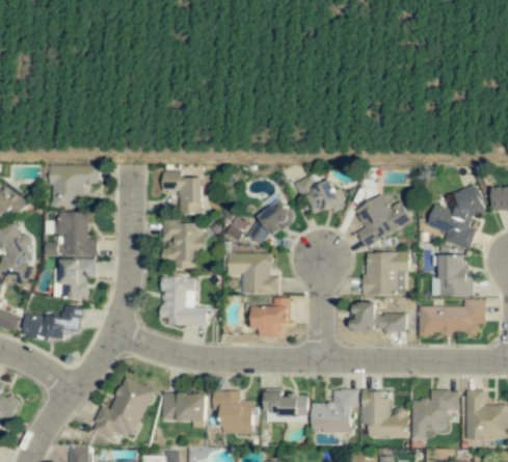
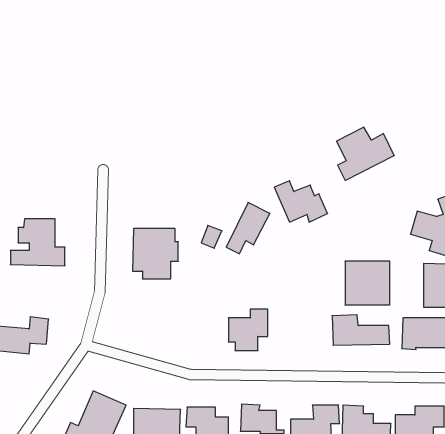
building: [49,165,98,208] -> none
building: [162,171,202,212] -> none
building: [355,195,410,246] -> [337,127,394,180]
building: [226,252,278,294] -> none
building: [53,259,95,298] -> none
building: [160,277,207,326] -> none

